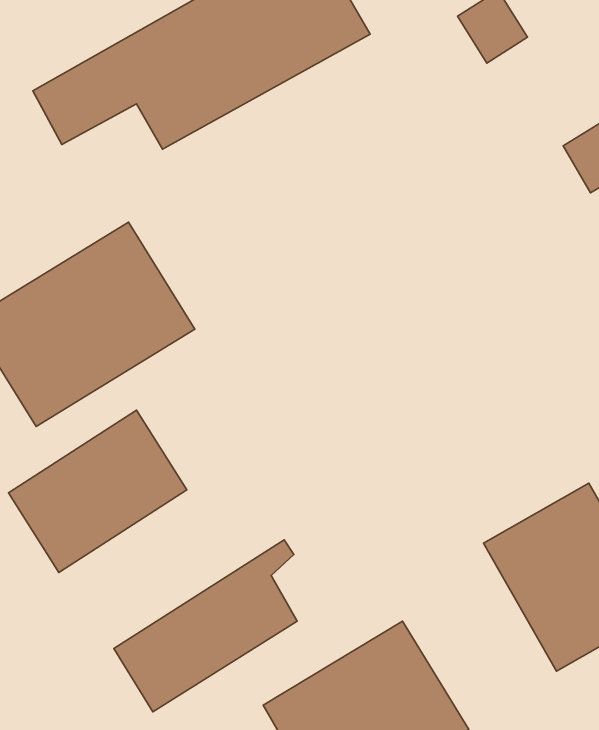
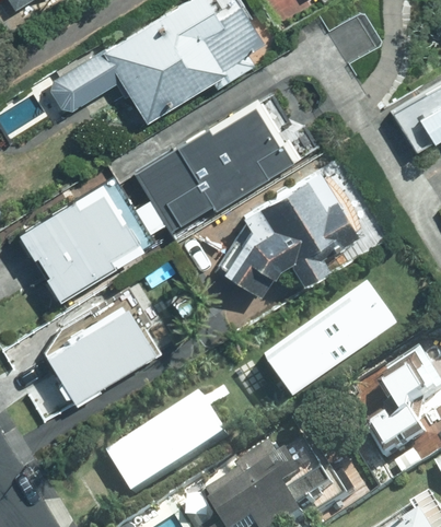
building: none -> [149,93,318,231]
building: none -> [211,172,356,292]
building: none -> [259,280,397,396]

